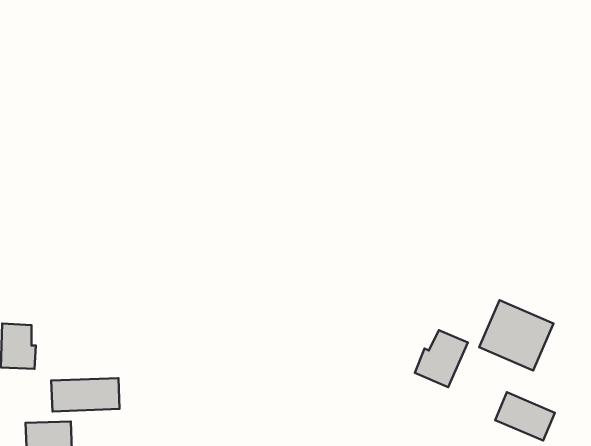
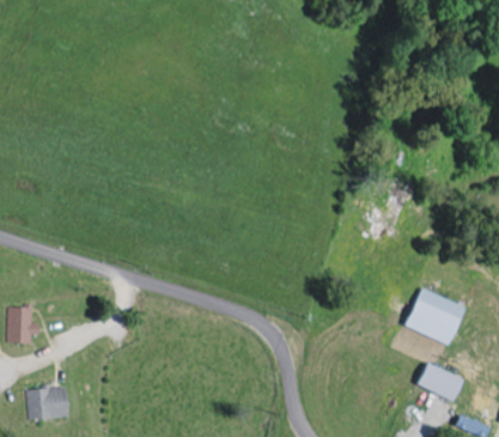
building: [415,330,468,387] -> none
building: [51,378,120,411] -> none

